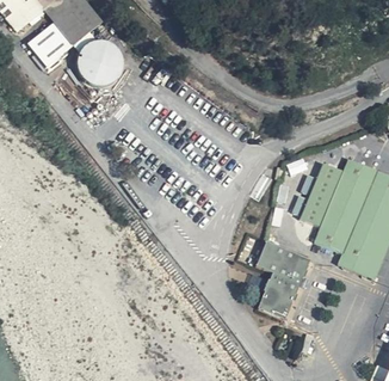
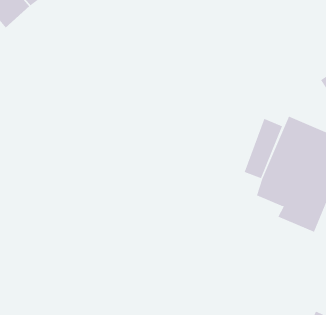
building: [78,41,122,85] -> none
building: [258,244,311,321] -> none

